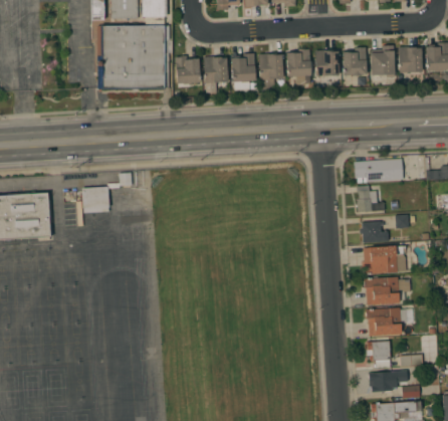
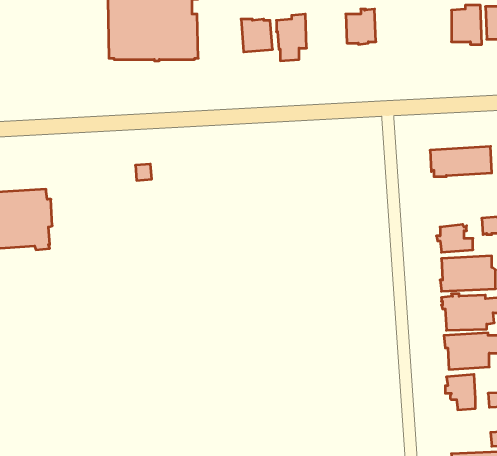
building: [343,47,367,76] -> none
building: [314,50,339,76] -> none
building: [258,53,283,89] -> none
building: [175,55,200,84] -> none
building: [356,186,385,212] -> none
building: [81,187,109,213] -> none
building: [369,372,393,392] -> none

